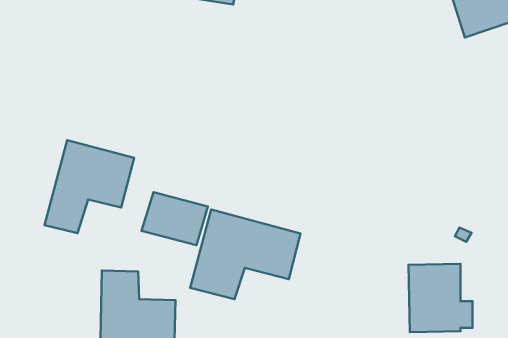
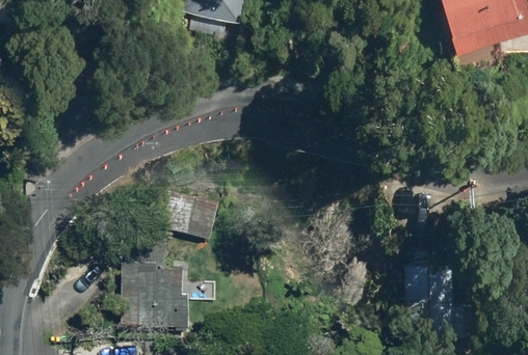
building: [44,140,134,233] -> none
building: [190,210,301,299] -> none

